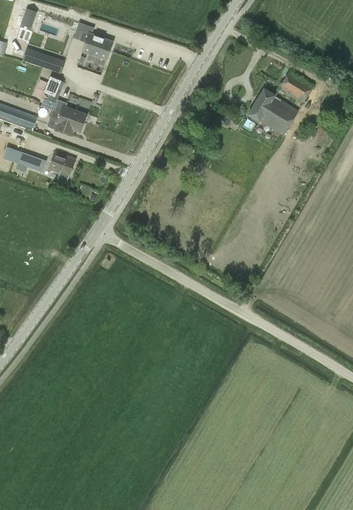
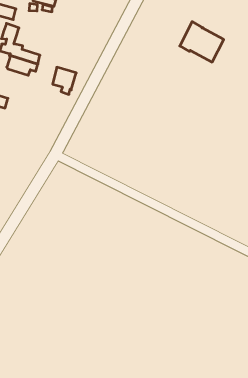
building: [278,70,312,102] -> none
building: [47,150,75,182] -> [53,67,76,94]

